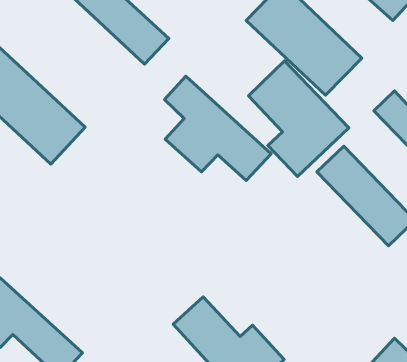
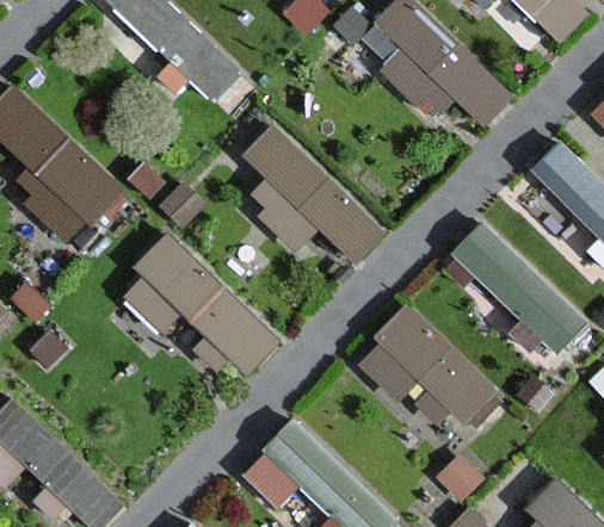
building: [249,61,349,177] -> none
building: none -> [116,236,273,390]
building: none -> [353,304,507,455]

